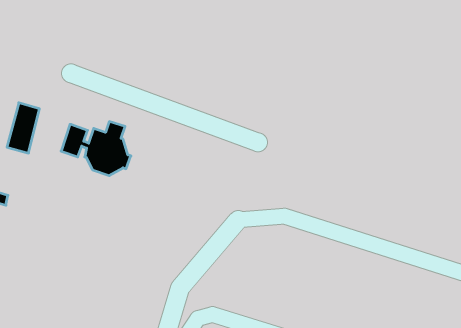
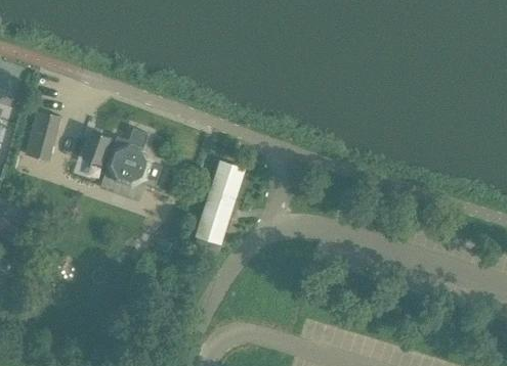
building: none -> [192,163,241,248]

